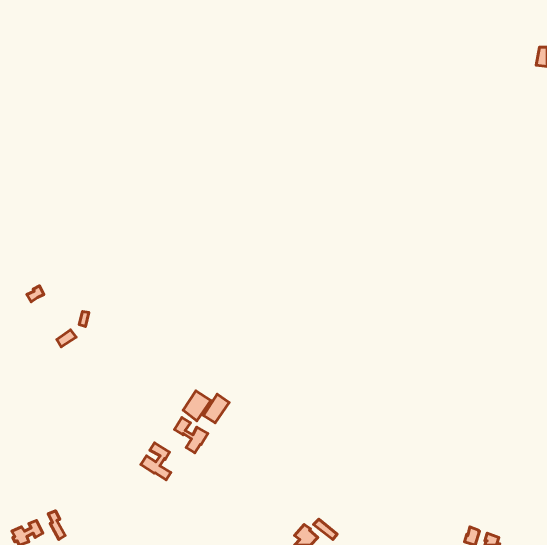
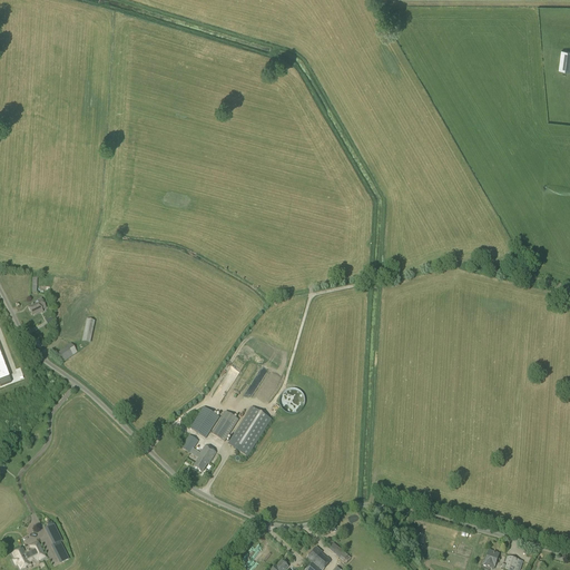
building: none -> [228,405,272,455]
building: [141,443,171,480] -> none

